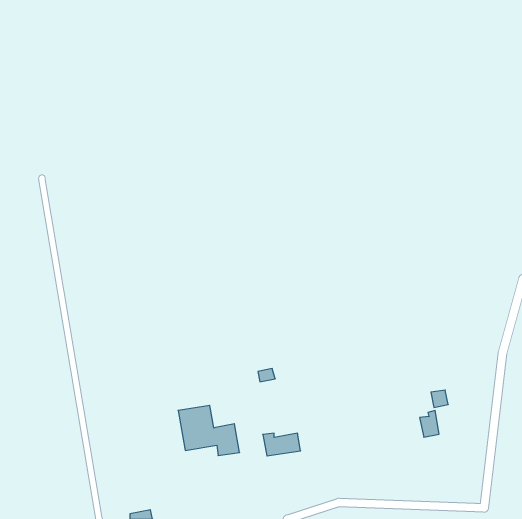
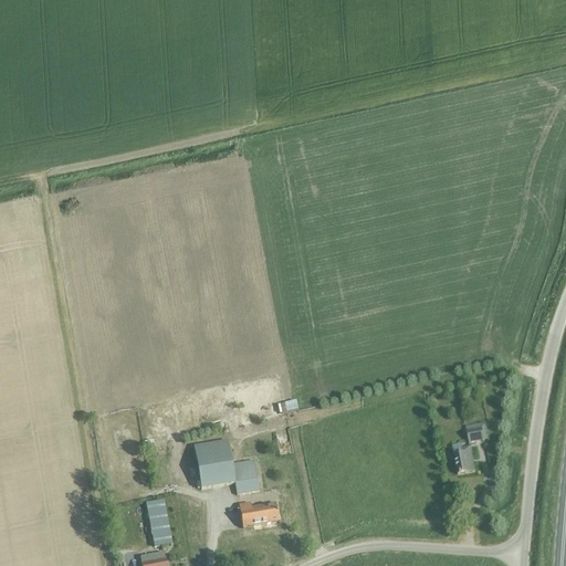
building: [263,433,301,456] -> [239,501,280,525]
building: none -> [146,497,171,544]

